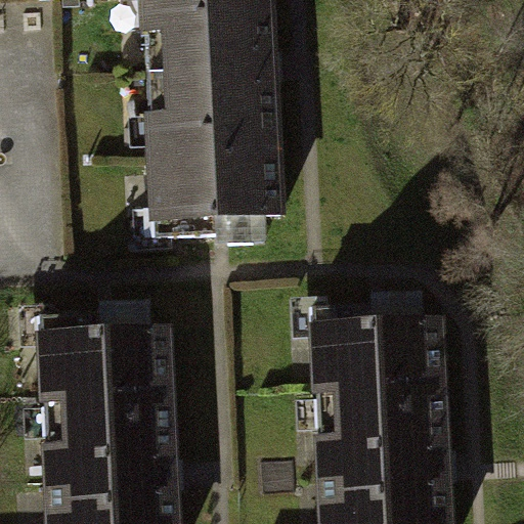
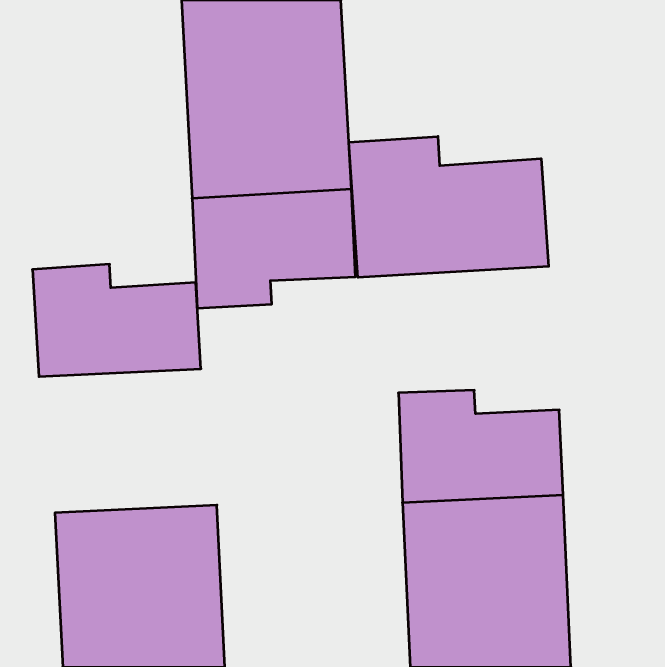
building: none -> [349,136,549,277]
building: [38,314,170,402] -> [32,264,201,377]

